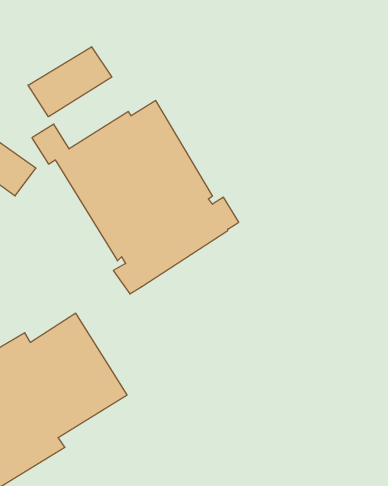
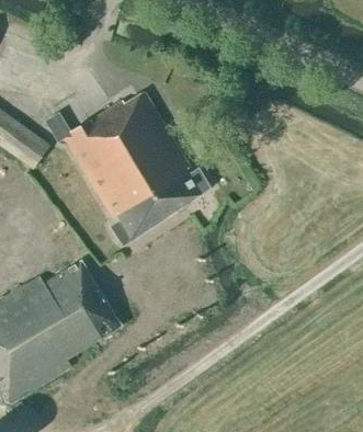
building: [28,47,112,117] -> none

